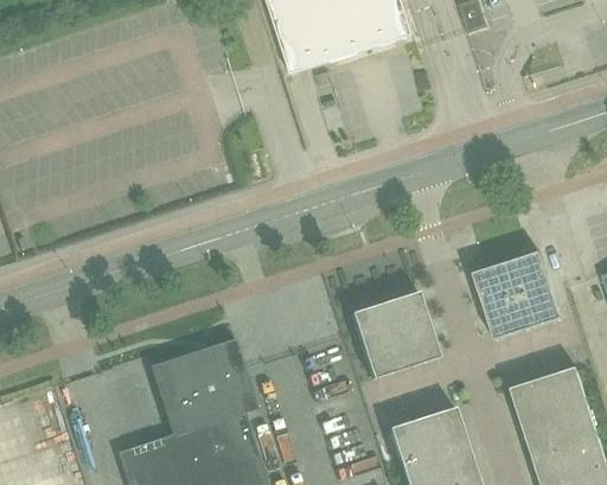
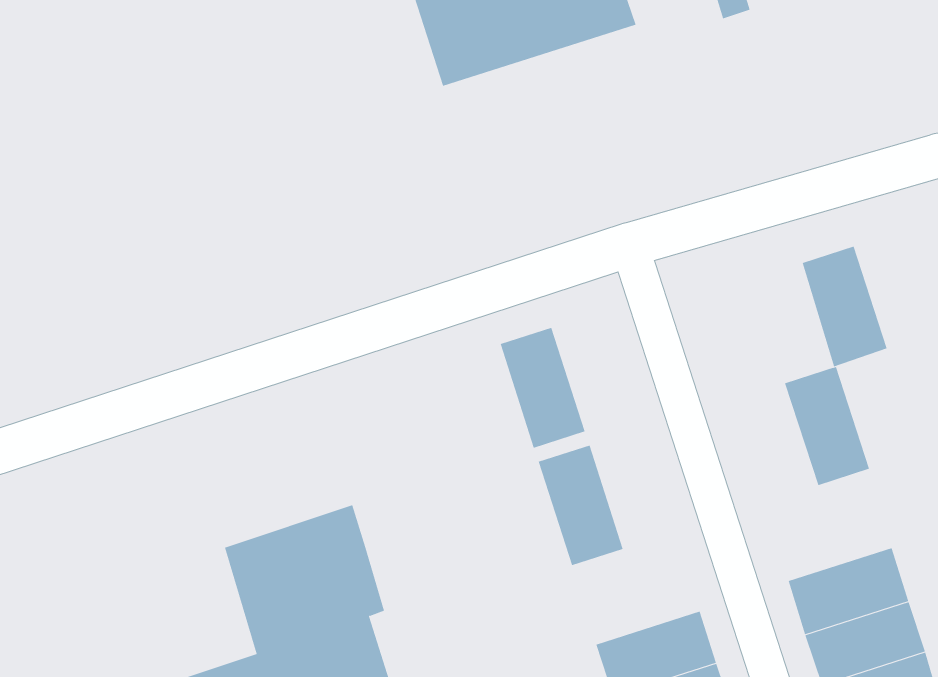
building: [474,262,529,339] -> [802,246,888,367]
building: [384,291,439,368] -> [500,327,586,448]

